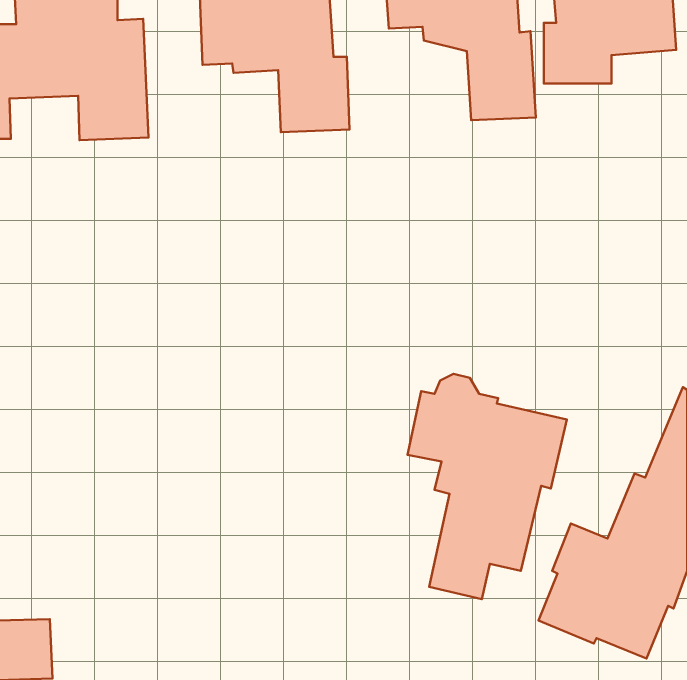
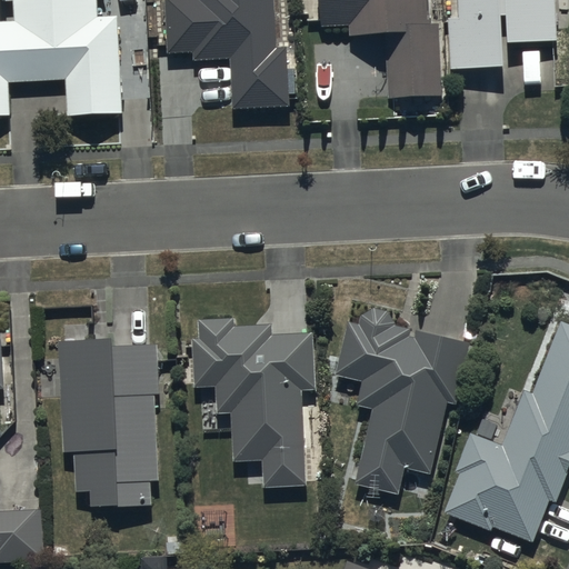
building: none -> [191,318,313,486]
building: none -> [59,343,158,507]

